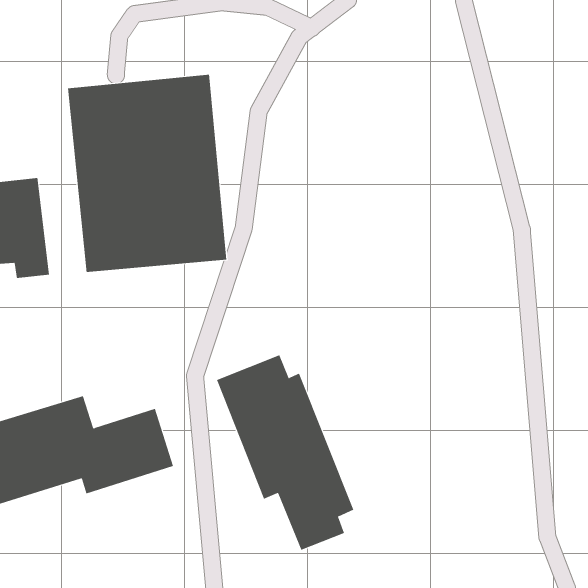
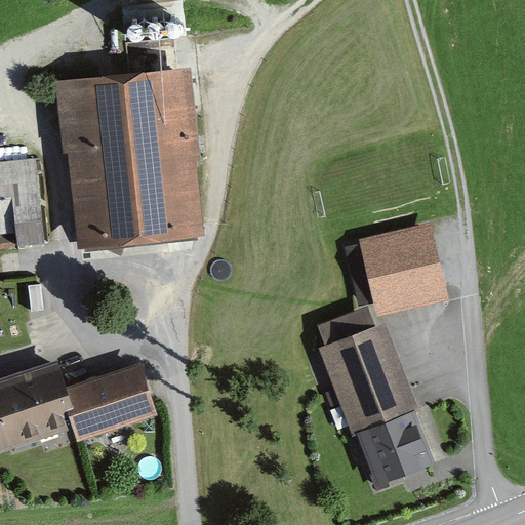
building: none -> [360,228,444,316]
building: [216,354,354,550] -> [312,311,434,484]

